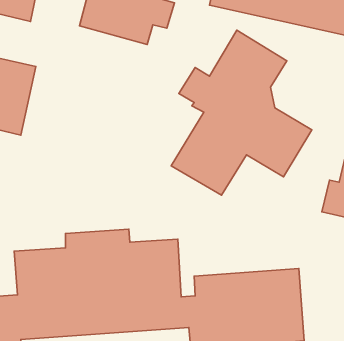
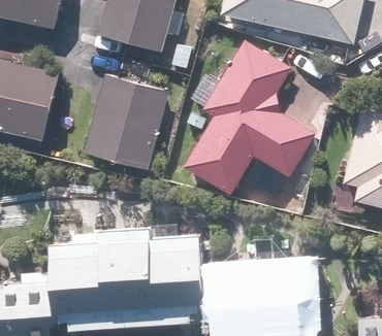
building: none -> [86,75,168,169]

